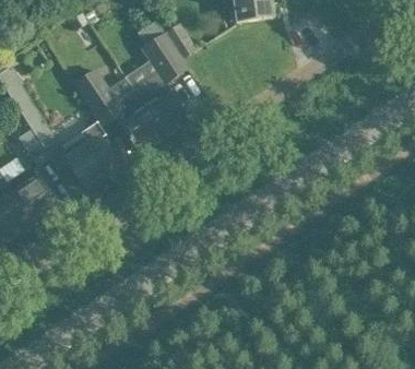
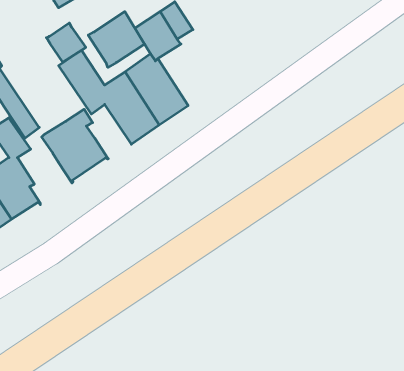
building: none -> [88,12,145,67]
building: none -> [46,23,86,62]

